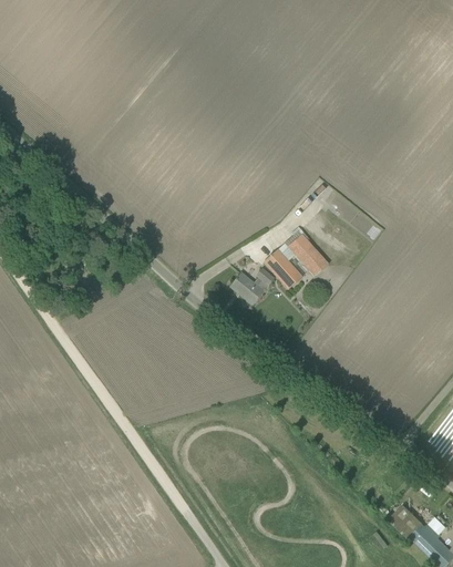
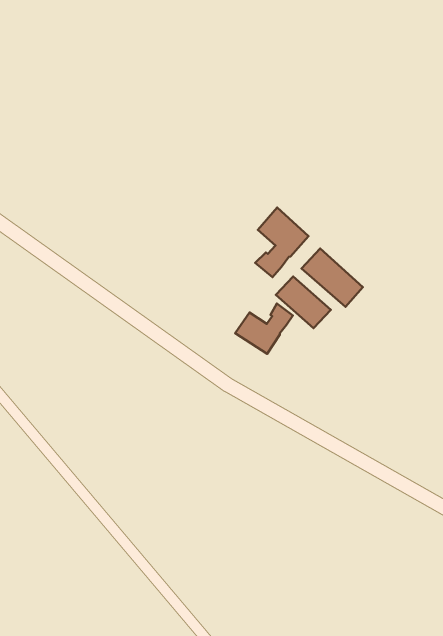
building: none -> [255,207,309,277]

